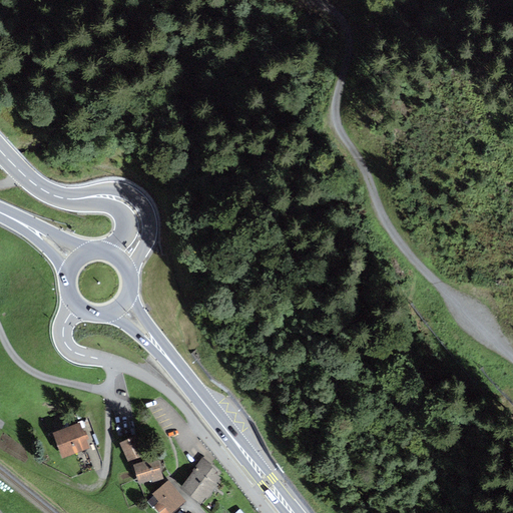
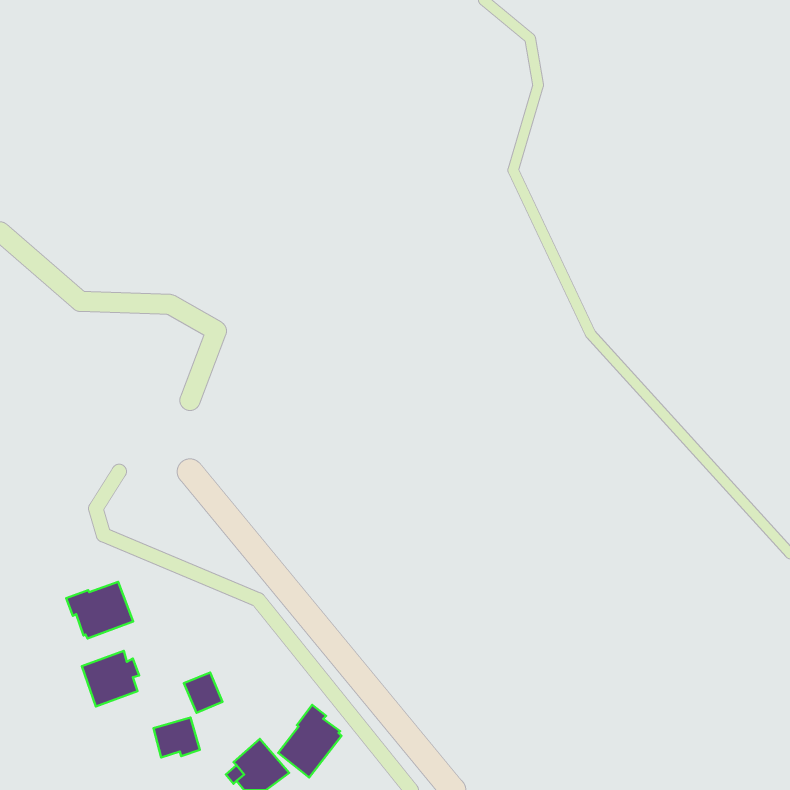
building: none -> [66,582,133,639]
building: [134,458,164,484] -> [153,717,200,758]

